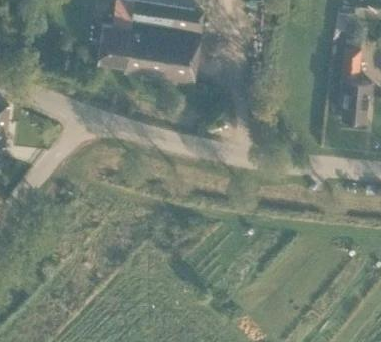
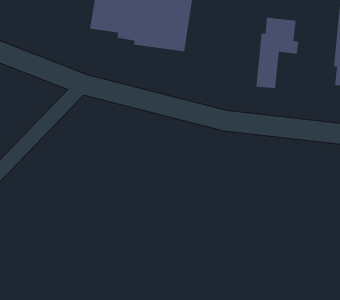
building: none -> [256,17,299,89]

